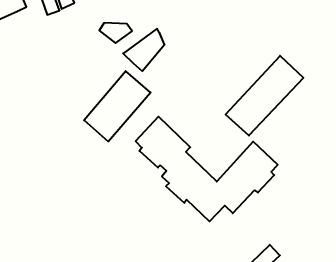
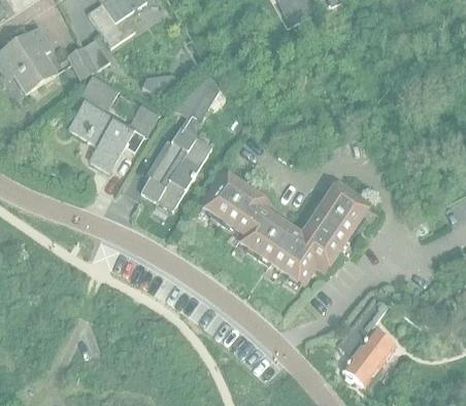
building: none -> [69,74,160,170]
building: [226,56,303,136] -> none

